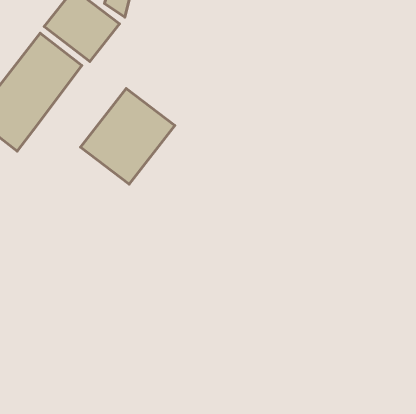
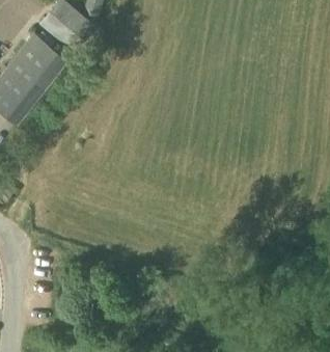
building: [81,89,175,184] -> none

